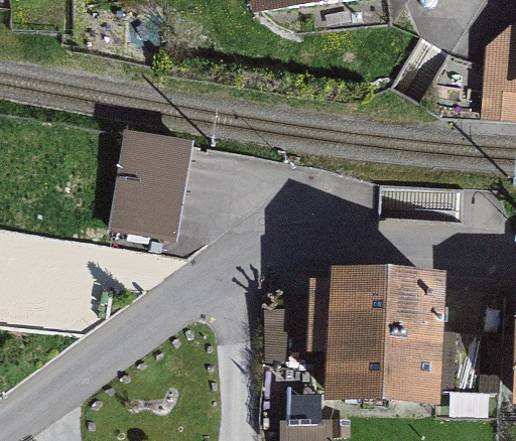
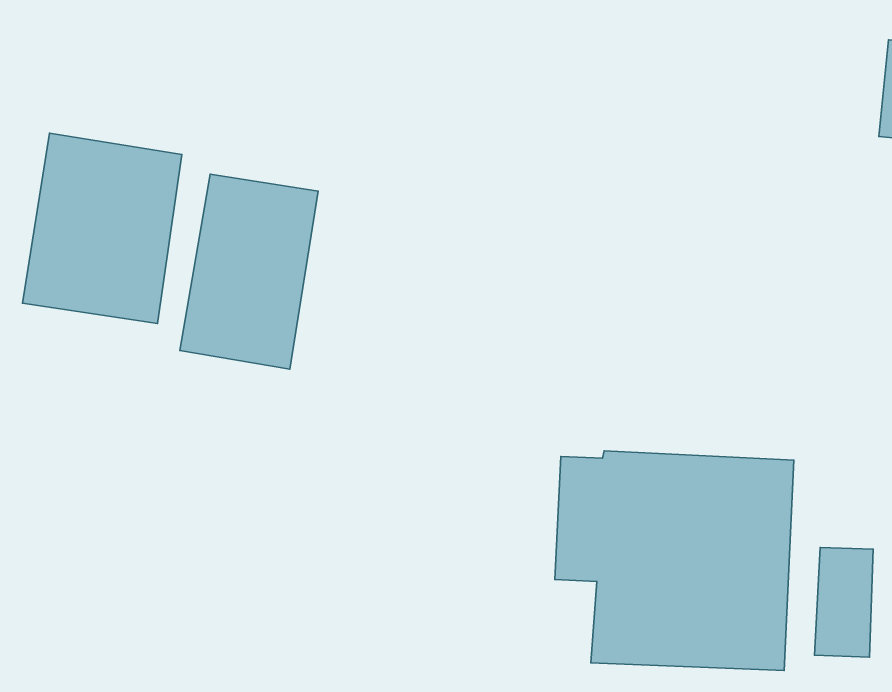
building: none -> [22,133,182,323]

